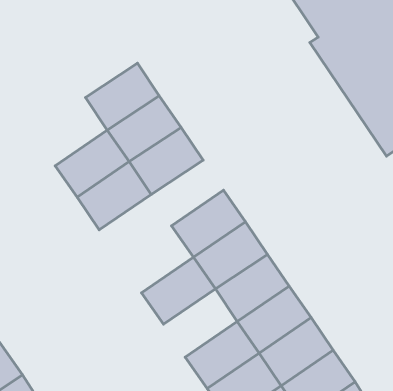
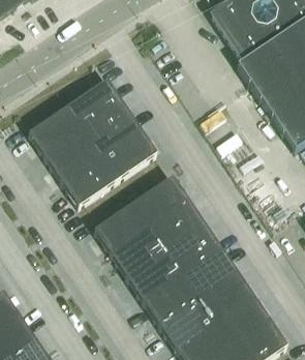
building: none -> [29,106,85,157]
building: none -> [95,203,150,253]
building: none -> [127,250,183,302]

